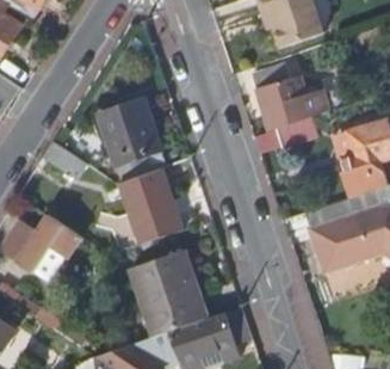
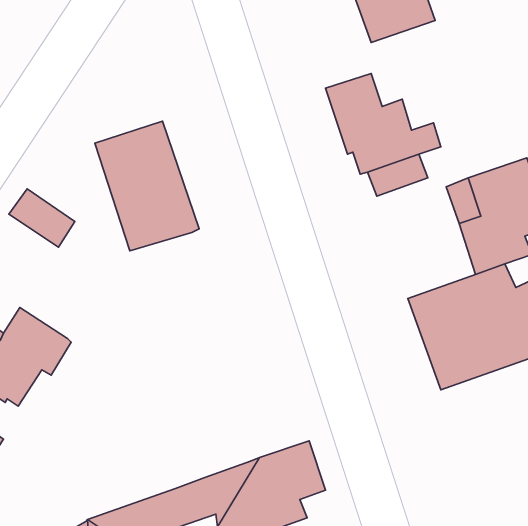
building: [118,170,184,245] -> none
building: [130,250,202,337] -> none

